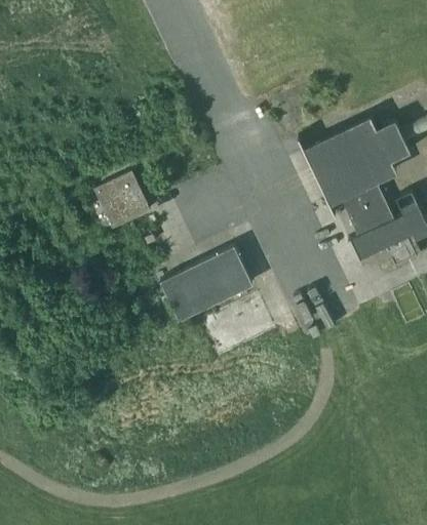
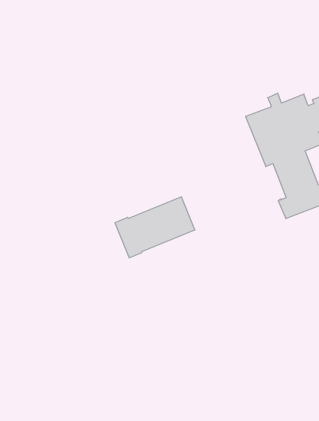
building: [93,172,149,229] -> none

